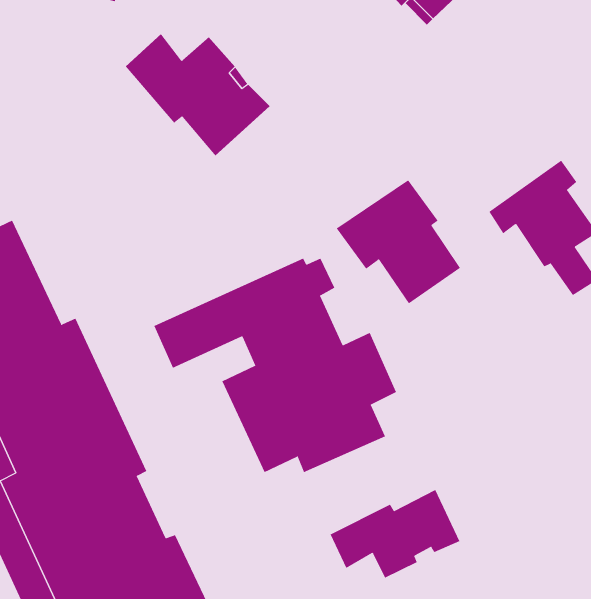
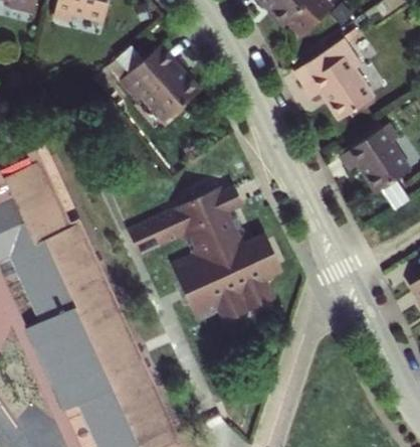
building: [336,179,461,304] -> [293,40,373,120]
building: [330,489,460,578] -> none

